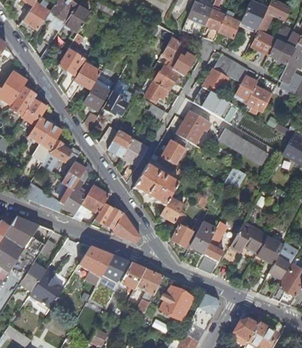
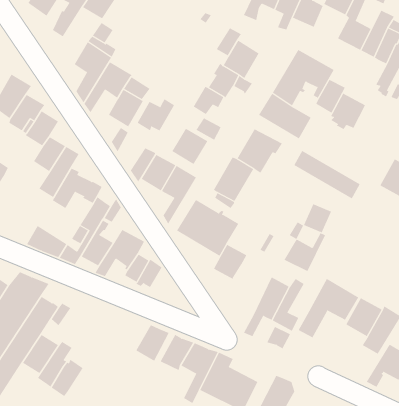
building: none -> [171,128,208,165]
building: [171,212,202,249] -> [283,222,326,272]
building: [111,213,141,243] -> none
building: [79,247,114,285] -> none

